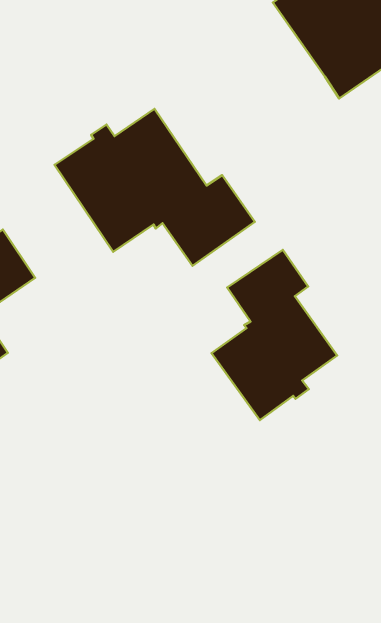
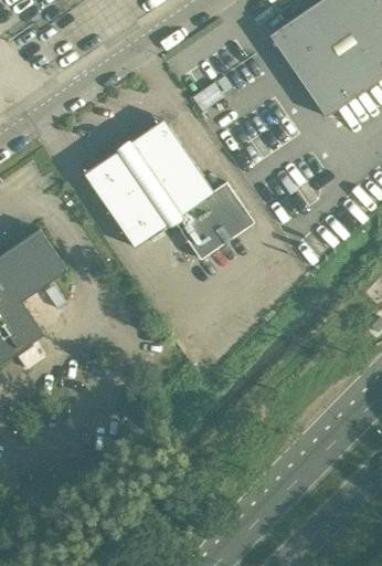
building: [211,250,337,420] -> none

